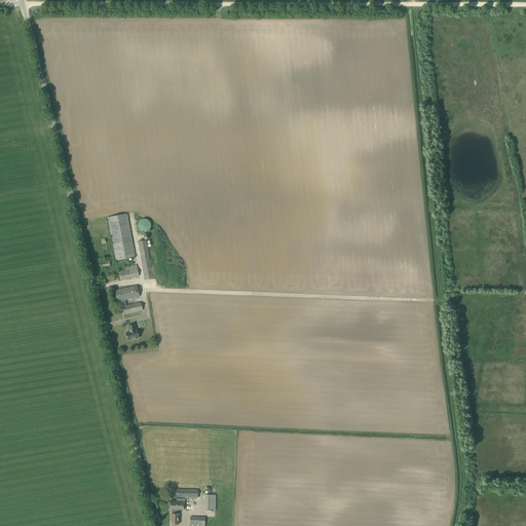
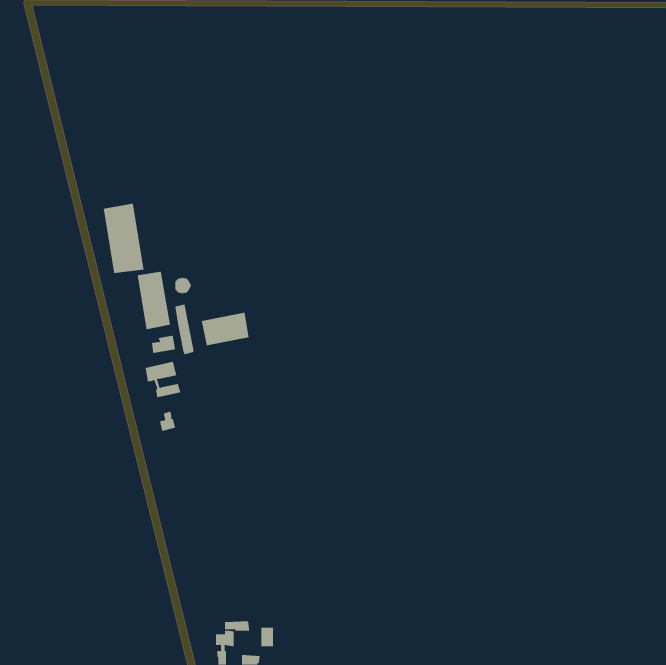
building: none -> [103,203,144,274]
building: none -> [201,312,249,346]

